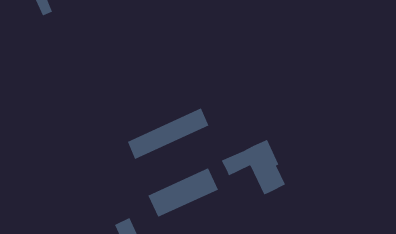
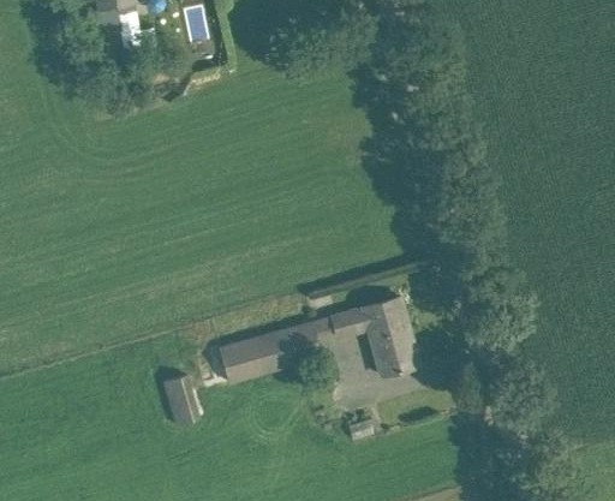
building: [127,107,209,160] -> none

